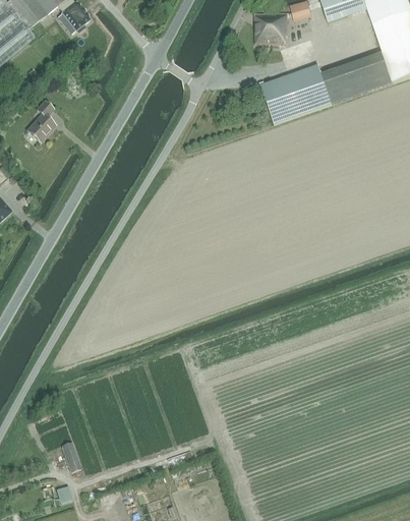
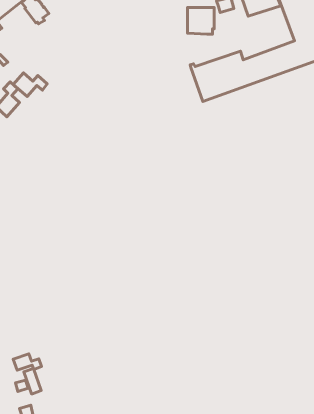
building: none -> [13,73,47,96]
building: none -> [13,354,42,370]

